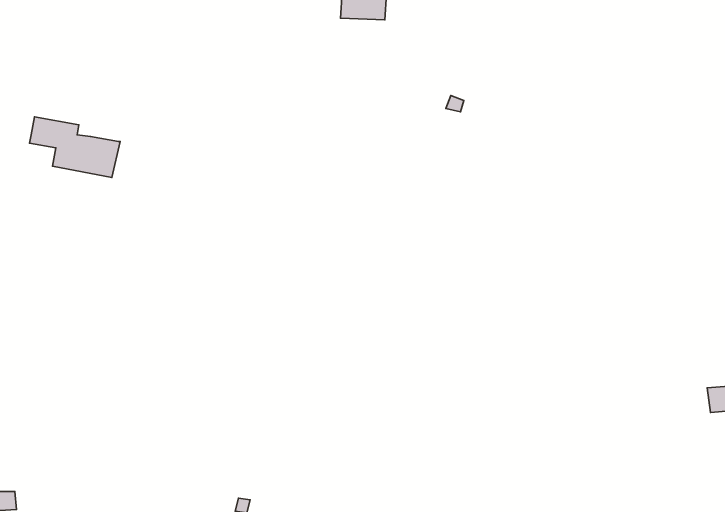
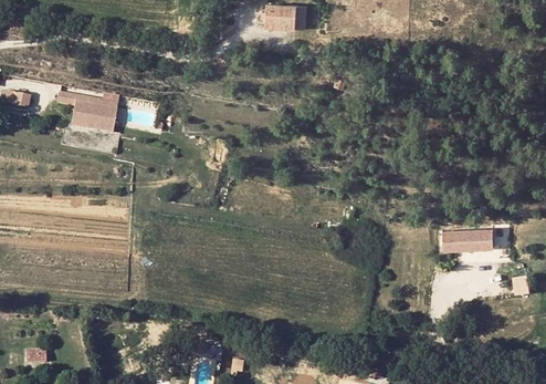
building: none -> [440,224,492,248]

